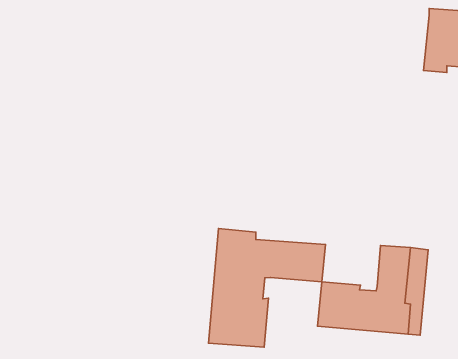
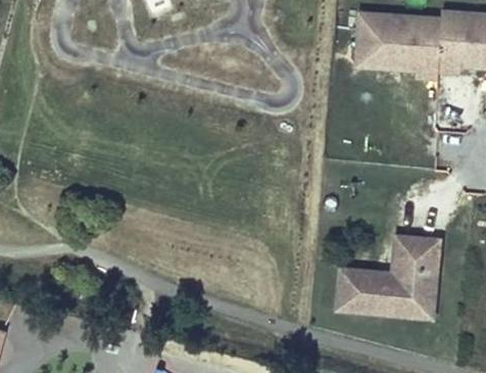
building: none -> [356,14,441,80]
building: [209,229,326,347] -> none

